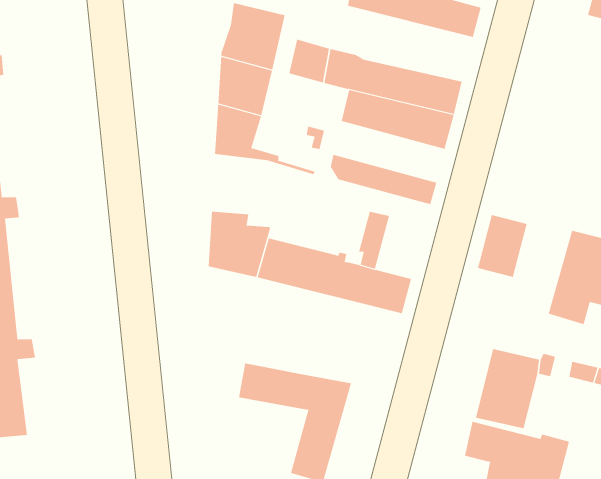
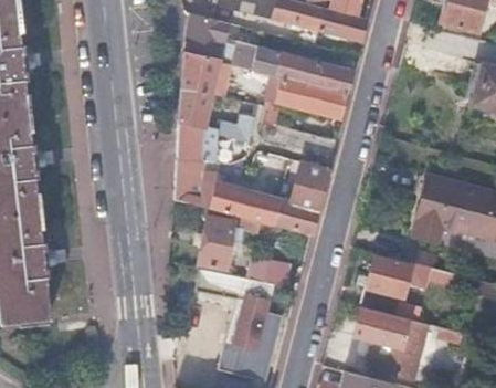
building: none -> [179,123,251,165]
building: [477,214,528,278] -> [294,166,329,210]
building: none -> [197,219,253,276]

